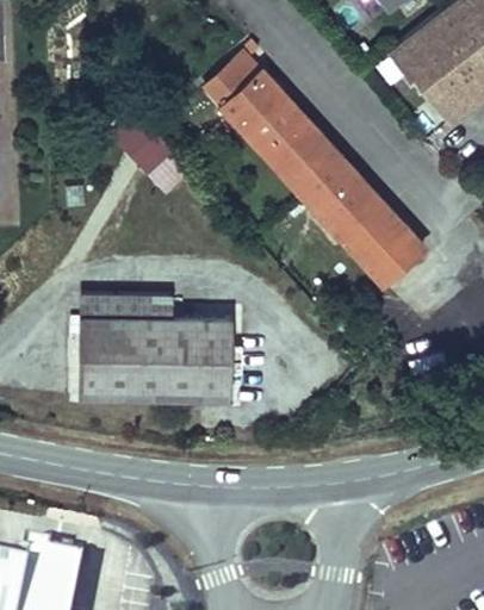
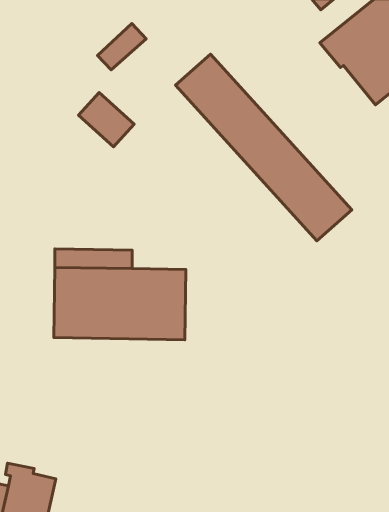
building: [204,51,260,105] -> [98,23,146,70]

